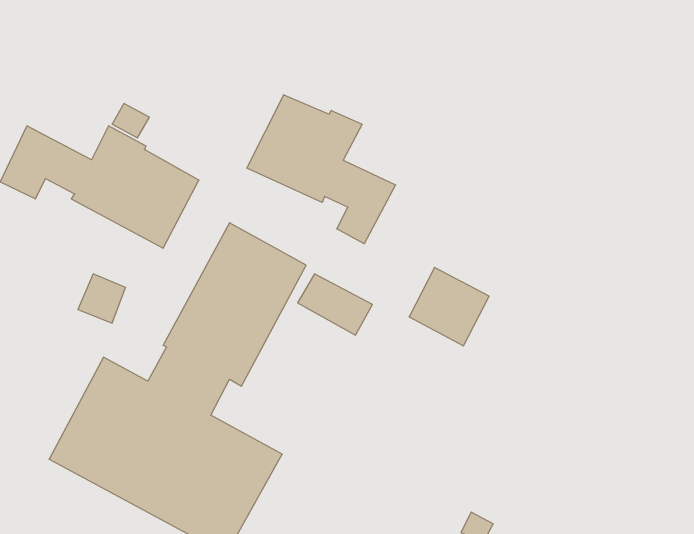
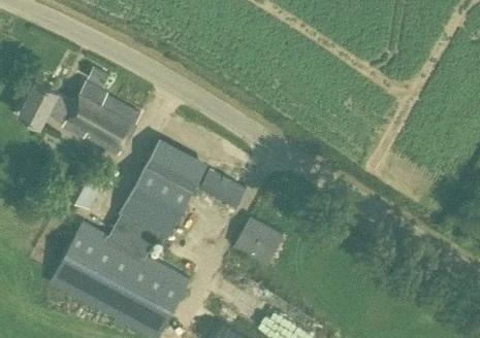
building: [247,95,396,244] -> none
building: [409,267,489,346] -> [234,217,283,265]

